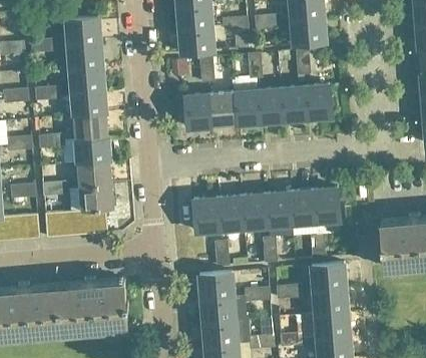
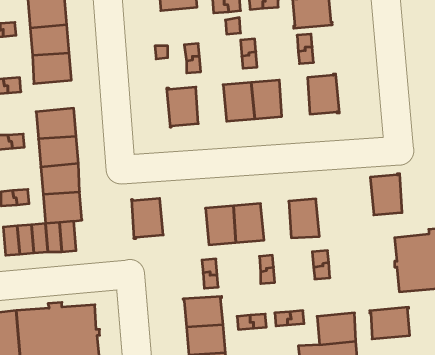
building: [179,26,214,53] -> none
building: [281,86,307,119] -> none
building: [71,88,105,115] -> none
building: [209,92,236,125] -> none
building: [312,187,339,222] -> [370,174,402,215]
building: [265,192,291,225] -> none
building: [193,198,221,232] -> [131,198,163,238]
building: [311,263,345,290] -> [370,307,410,339]

